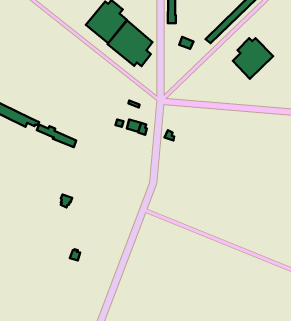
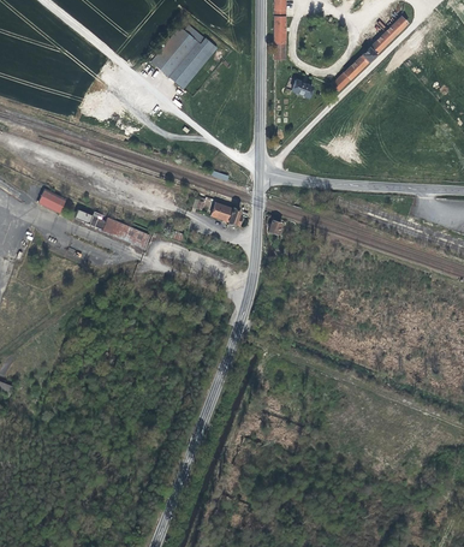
building: [108,20,153,66] -> none
building: [233,38,273,79] -> none

